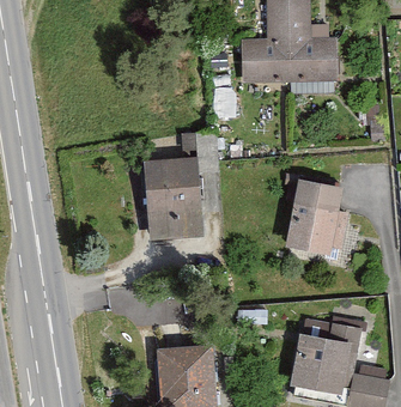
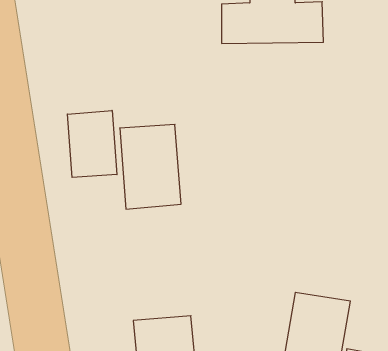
building: none -> [67,110,117,177]
building: [287,183,342,257] -> none

